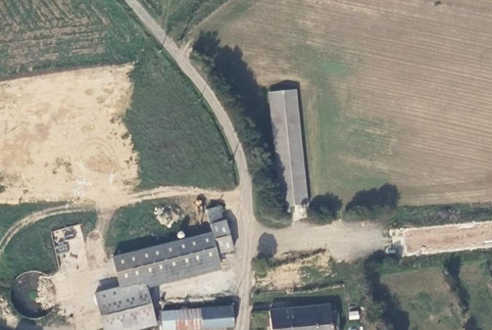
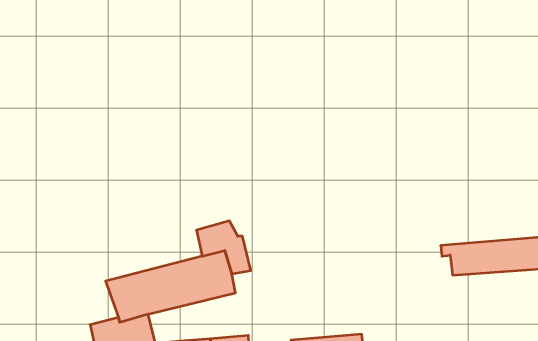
building: [270,88,310,210] -> none

